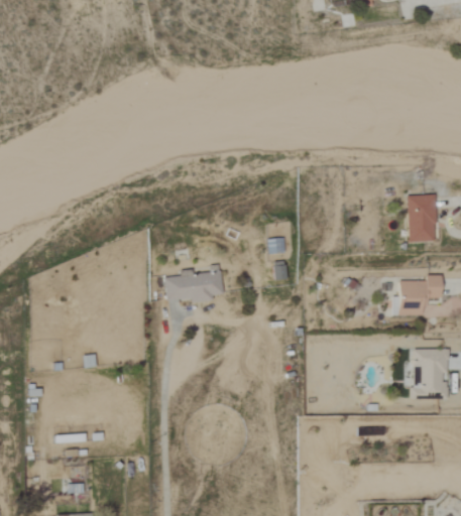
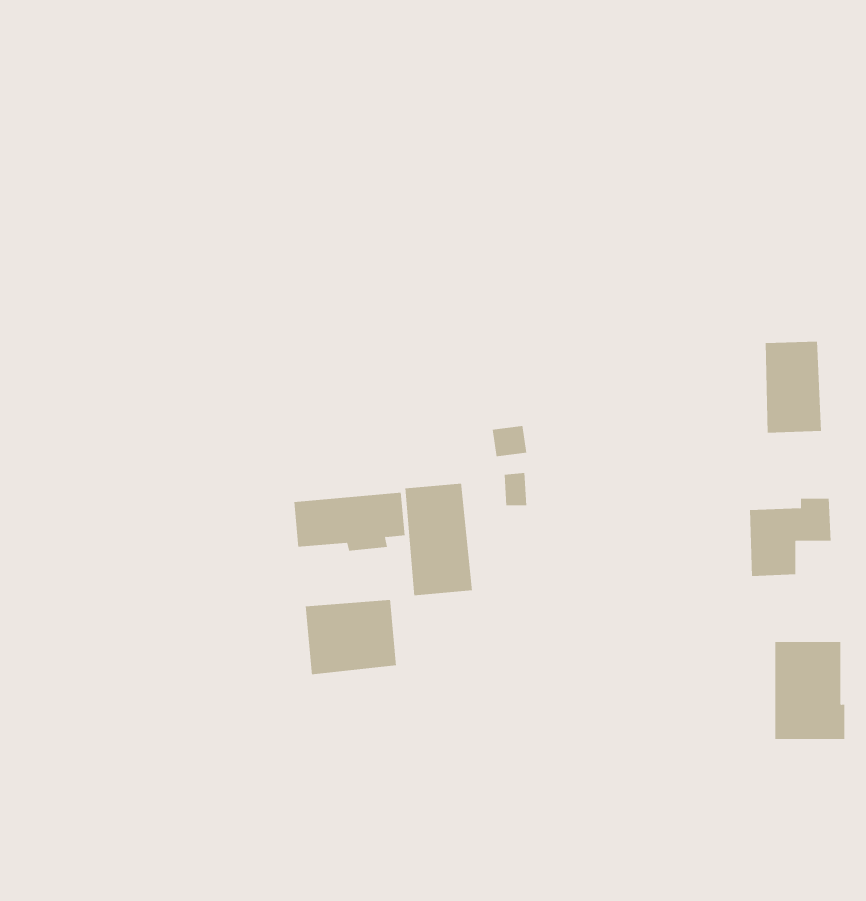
building: none -> [405,483,473,596]
building: none -> [305,599,396,675]

